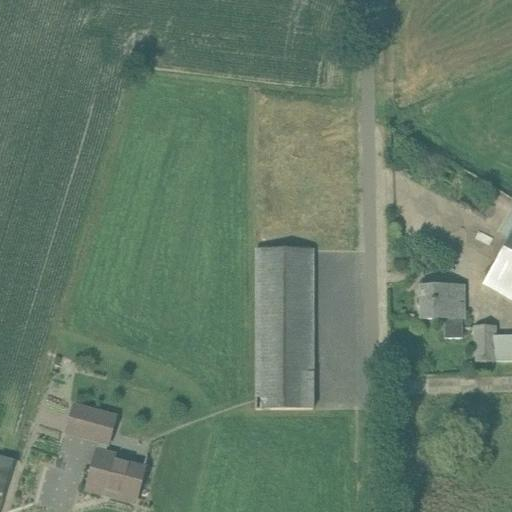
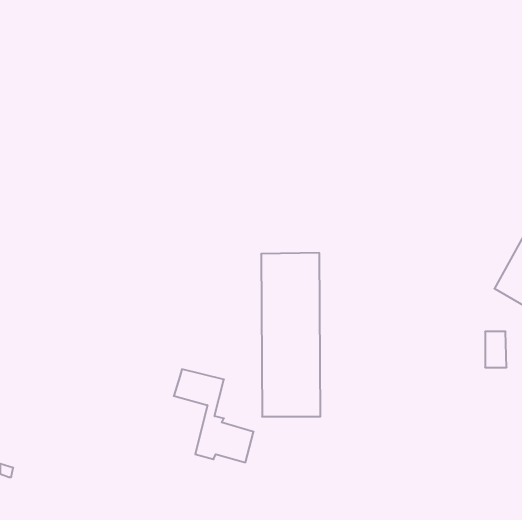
building: [422,284,464,336] -> none
building: [67,404,145,495] -> [174,369,254,462]

